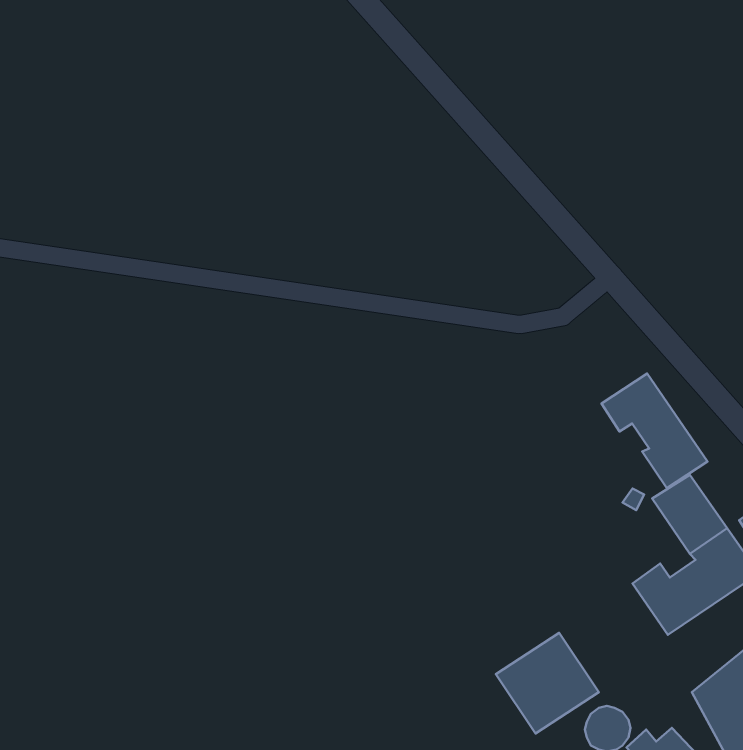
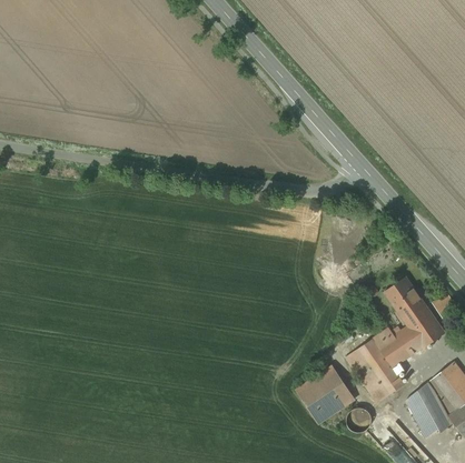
building: [602,373,707,488] -> none
building: none -> [346,339,406,403]

